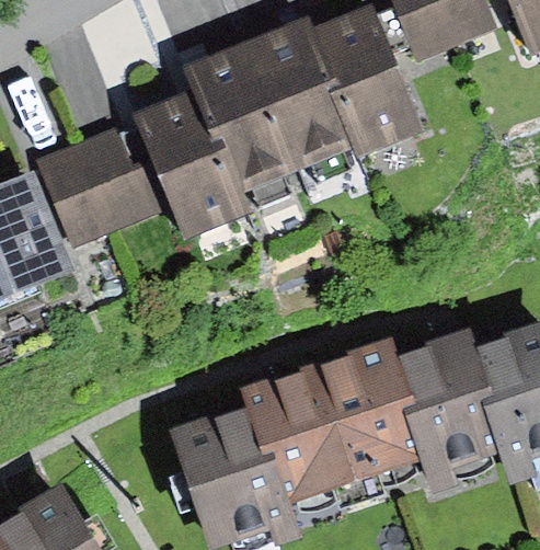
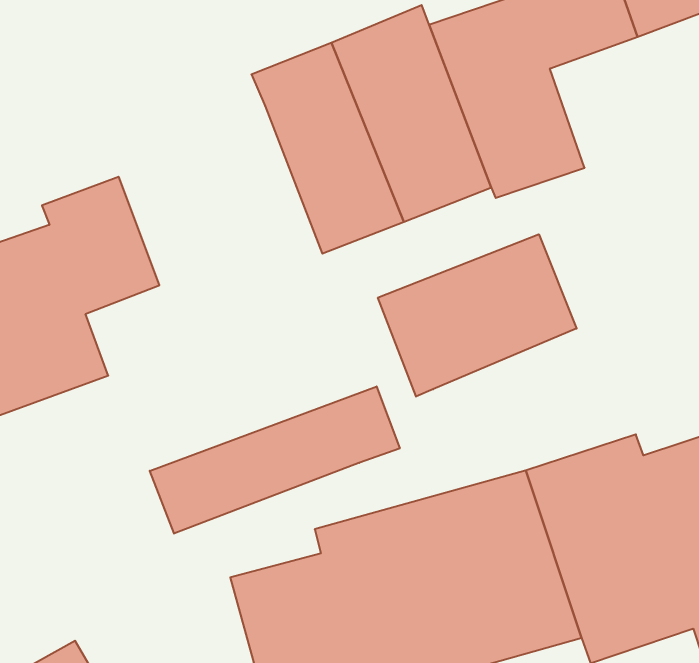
building: [89,88,244,238] -> none
building: none -> [378,234,577,397]
building: none -> [150,386,400,534]

